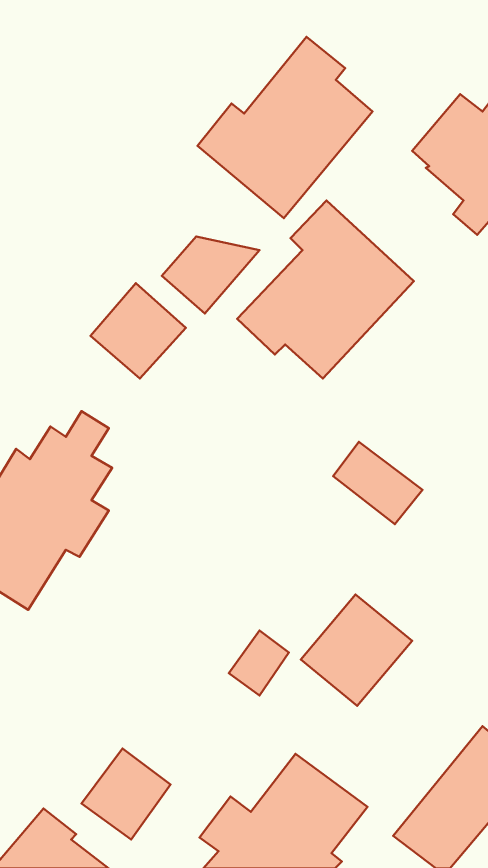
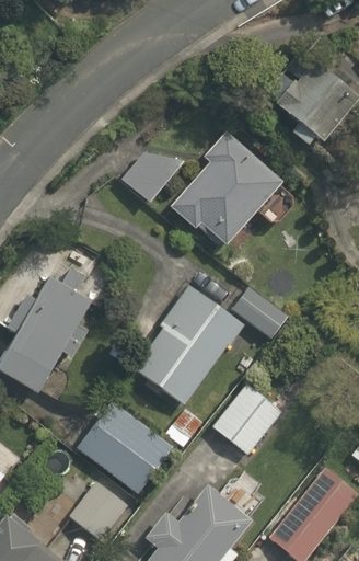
building: [197,37,373,218] -> none
building: [90,283,186,379] -> none
building: none -> [135,284,246,403]
building: none -> [76,400,174,494]

